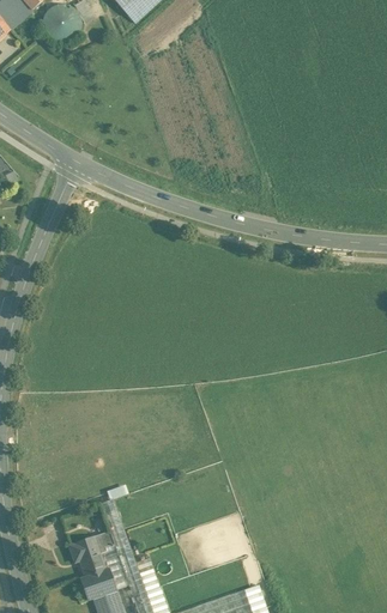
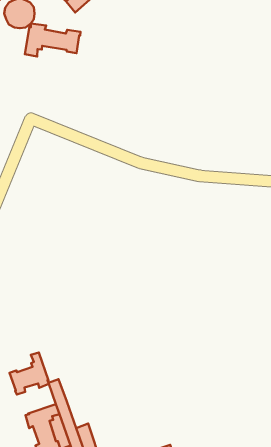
building: none -> [25,24,81,56]
building: none -> [10,352,49,395]

